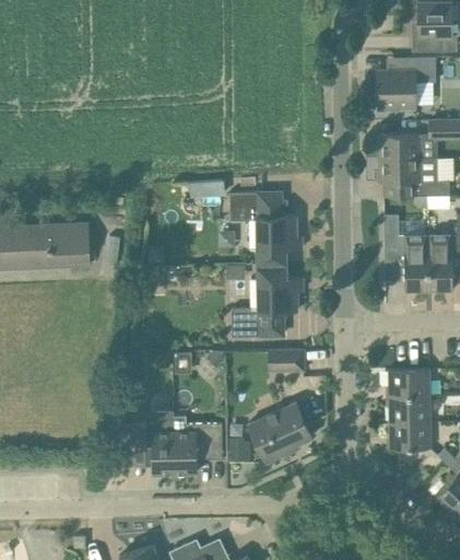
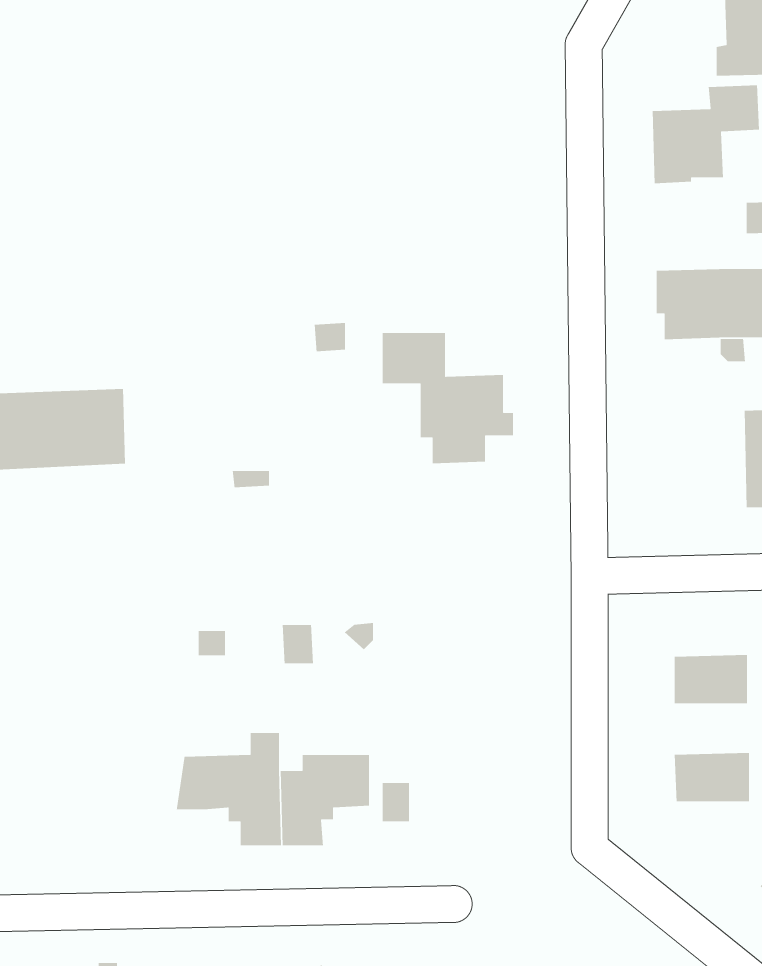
building: [378,135,421,159] -> none
building: [384,214,428,292] -> none
building: [232,264,303,337] -> none
building: [269,349,304,371] -> none
building: [389,396,430,423] -> none
building: [248,402,312,464] -> none

